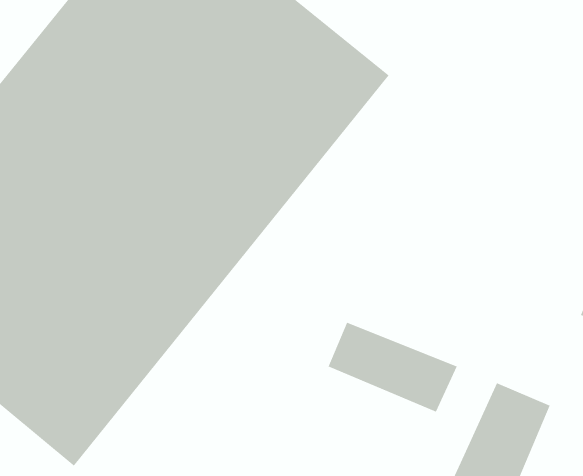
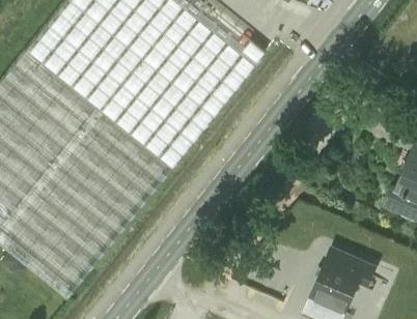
building: [328,322,457,413] -> none

